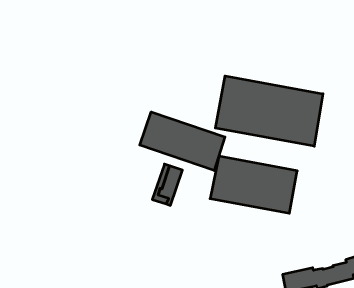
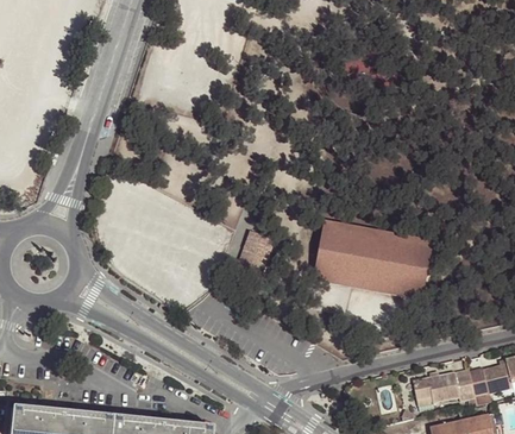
building: [215,76,323,146] -> none
building: [140,112,225,171] -> none

